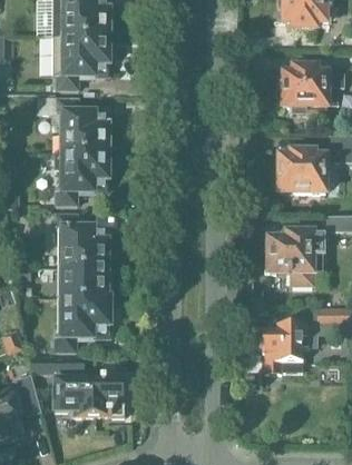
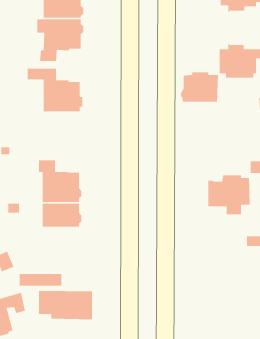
building: [276,151,325,190] -> [180,72,219,102]
building: [55,152,111,204] -> none
building: [53,298,113,349] -> none
building: [257,323,311,373] -> none

